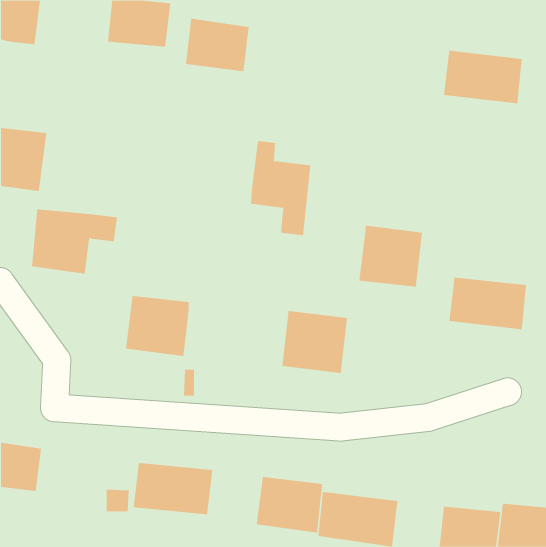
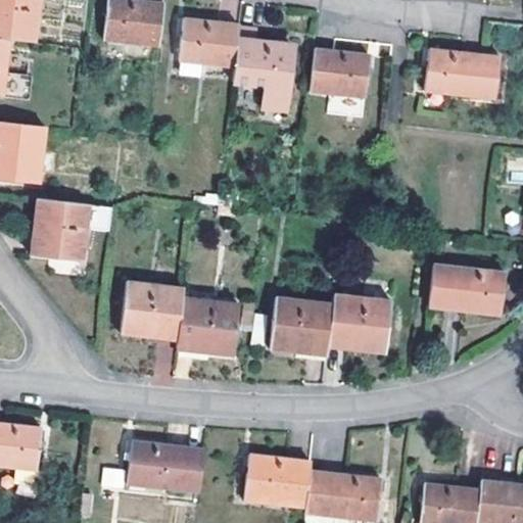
building: none -> [310,48,369,98]
building: [250,141,311,236] -> [233,22,291,113]
building: [359,225,423,287] -> [328,294,389,353]
building: none -> [176,295,237,355]

